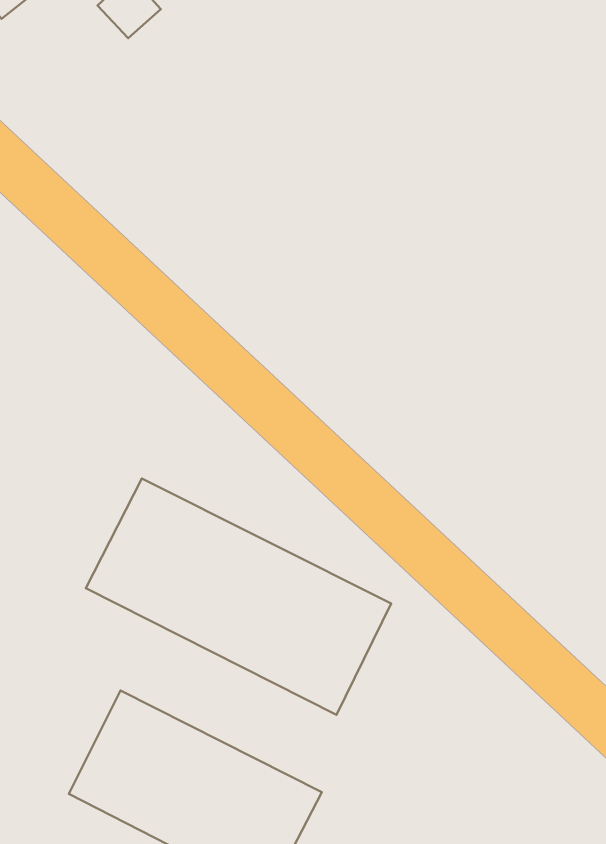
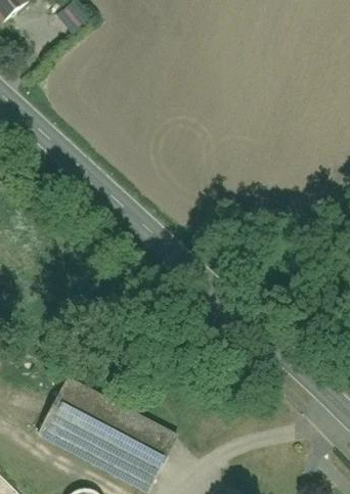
building: [86,479,391,715] -> none

